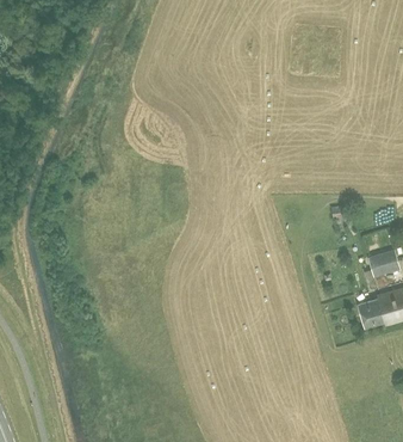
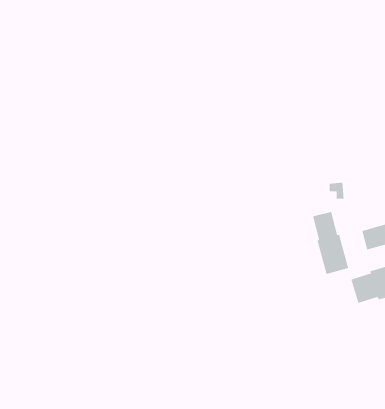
building: none -> [312,211,349,275]

